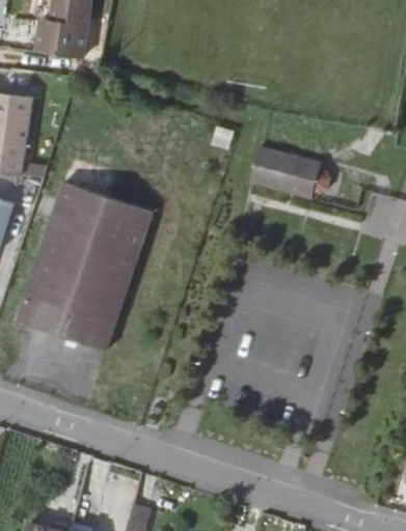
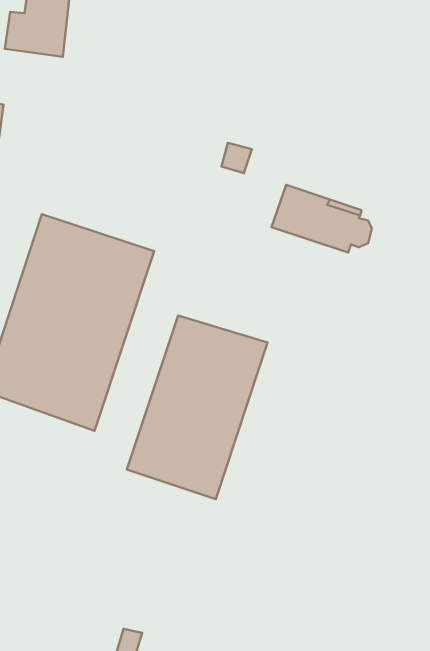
building: none -> [127,316,268,499]

